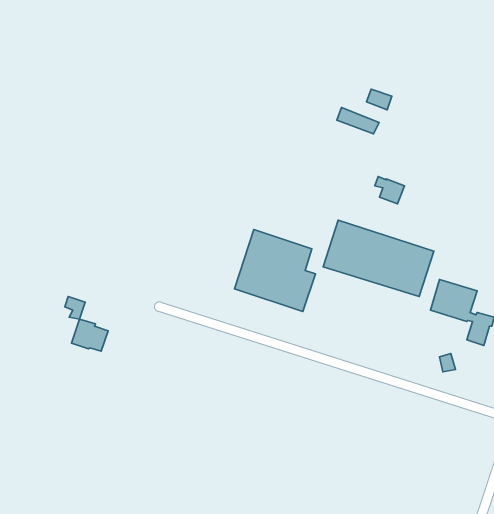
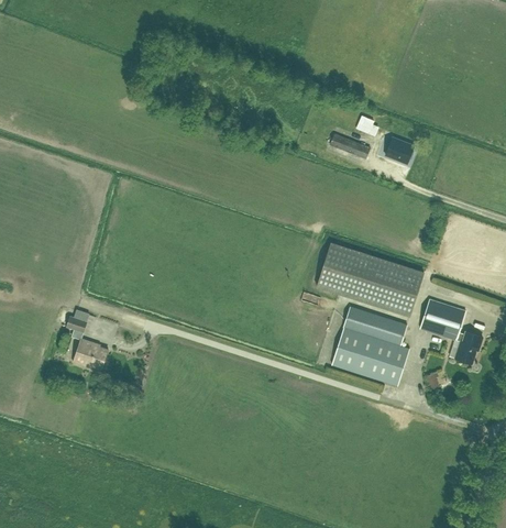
building: [375,177,404,204] -> [383,138,411,164]
building: [234,230,315,312] -> [330,306,408,385]

